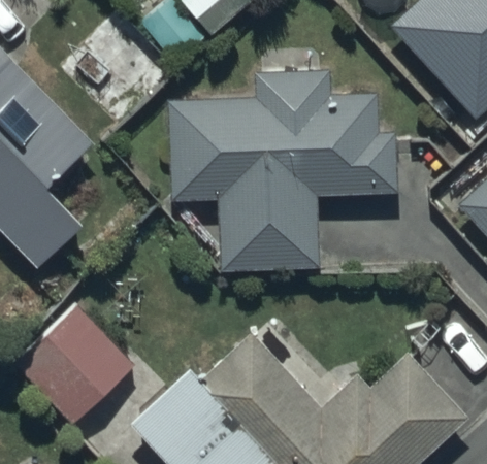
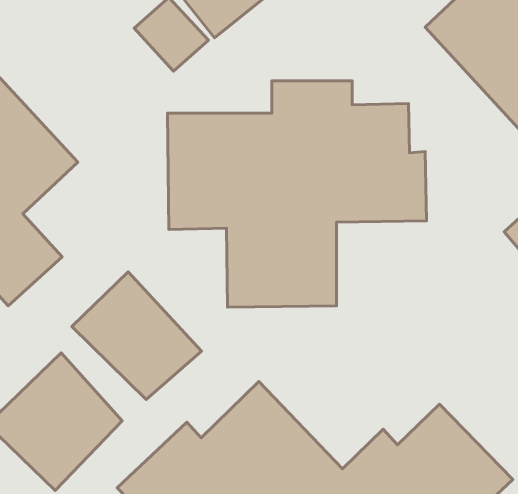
building: none -> [72,272,202,399]

